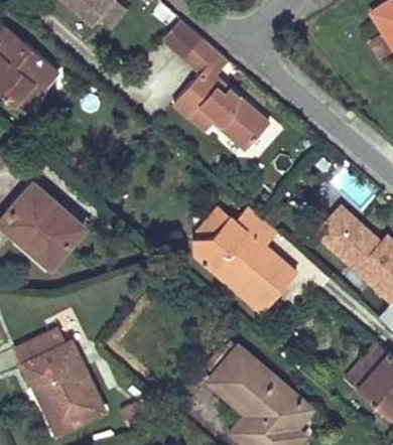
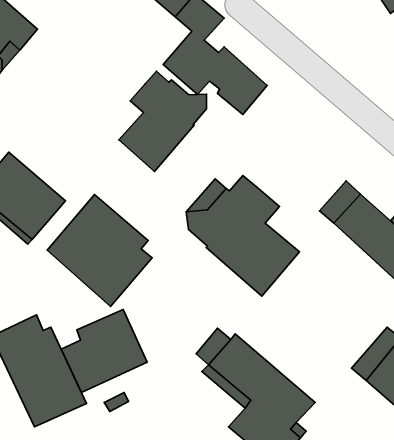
building: none -> [119,71,206,171]
building: none -> [47,194,152,306]
building: none -> [61,310,147,393]

